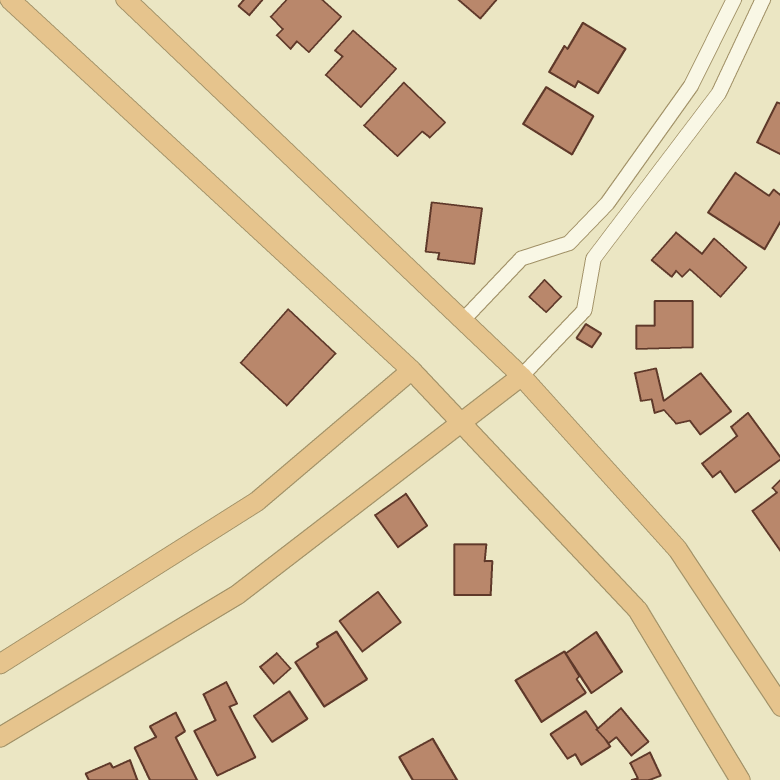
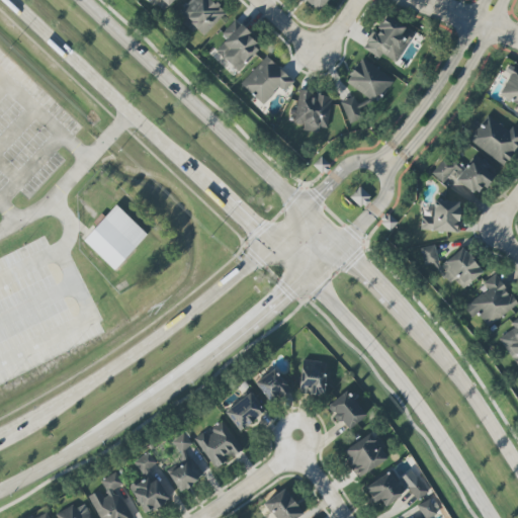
building: none -> [341,95,365,123]
building: [426,203,482,264] -> [295,90,333,131]
building: [241,309,336,406] -> [86,205,149,269]
building: [375,494,427,547] -> [256,367,290,403]
building: [565,632,622,693] -> [329,390,366,430]

